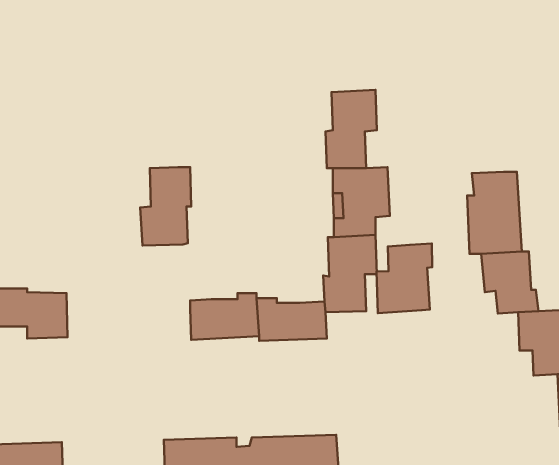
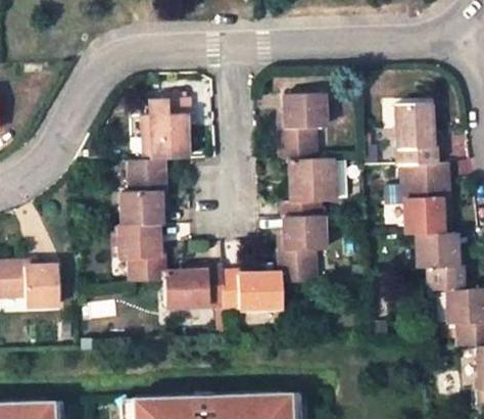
building: none -> [152,103,184,161]
building: none -> [393,106,434,168]
building: [377,243,432,313] -> none
building: none -> [116,228,164,284]

